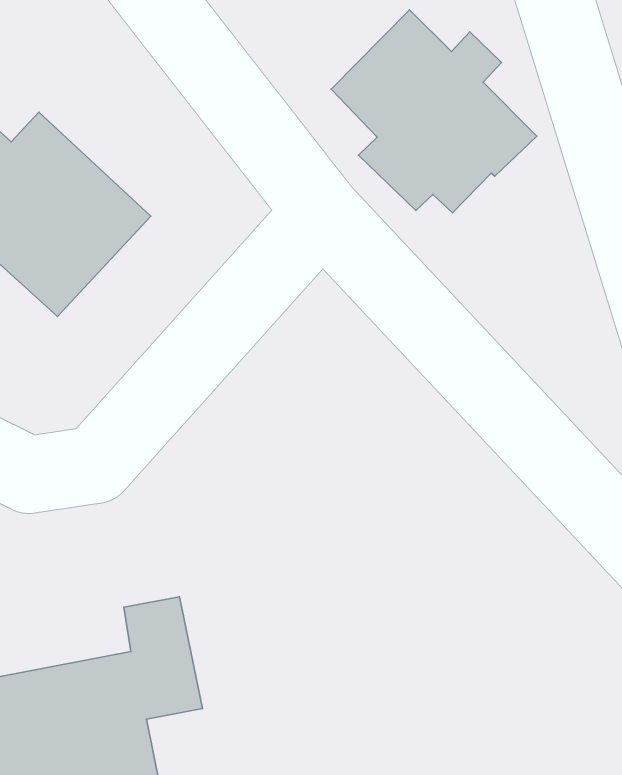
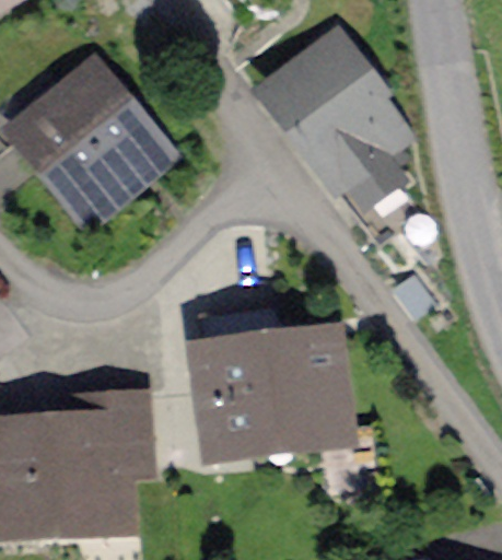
building: none -> [210,320,347,458]

